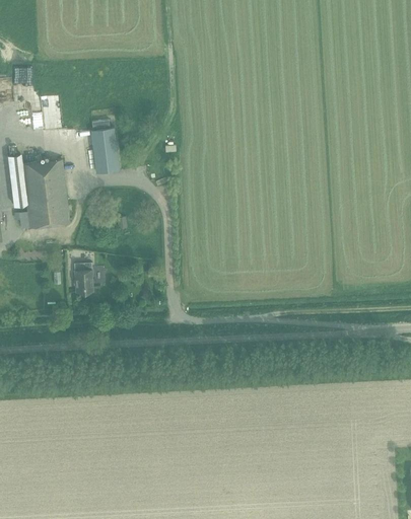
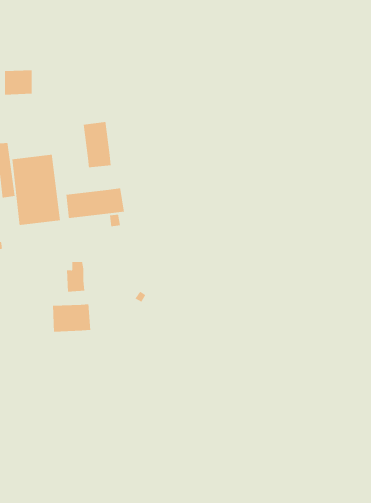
building: none -> [66,187,125,219]
building: none -> [53,304,91,332]

